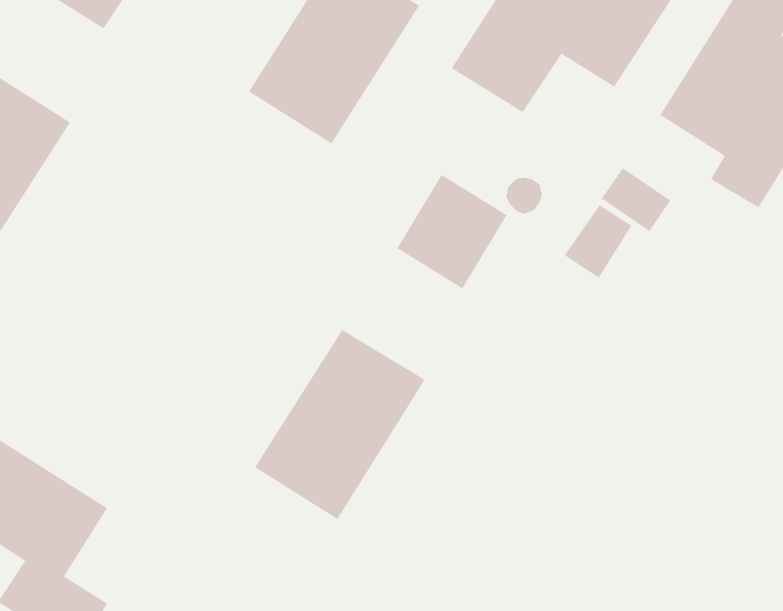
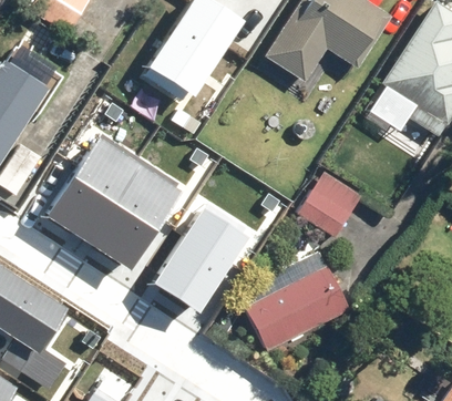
building: [396,174,508,289] -> [297,172,360,237]
building: none -> [51,134,184,267]
building: none -> [244,265,349,351]

